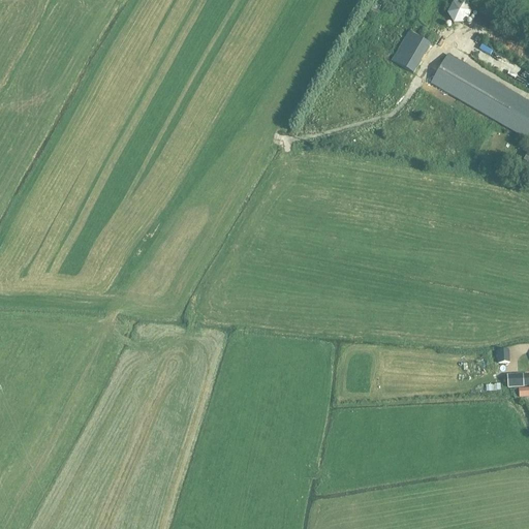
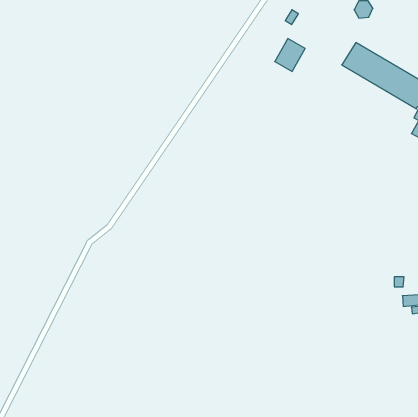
building: [393,30,431,71] -> [275,39,305,71]

